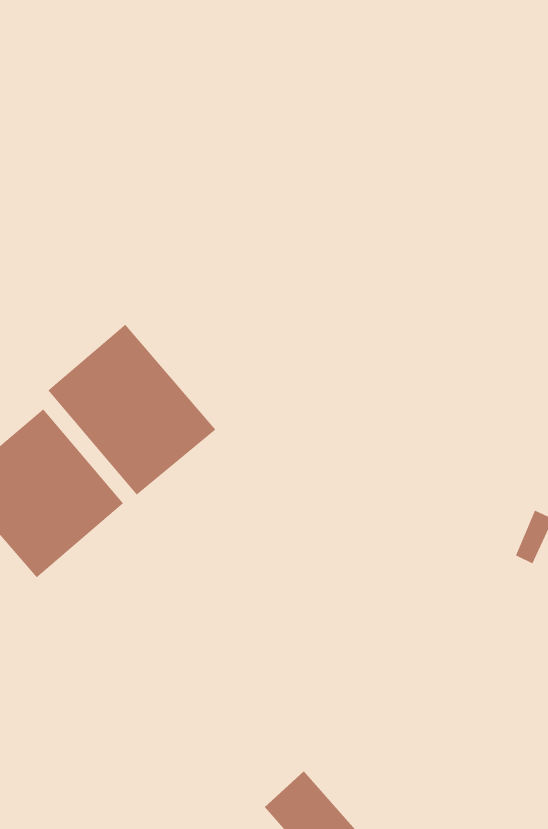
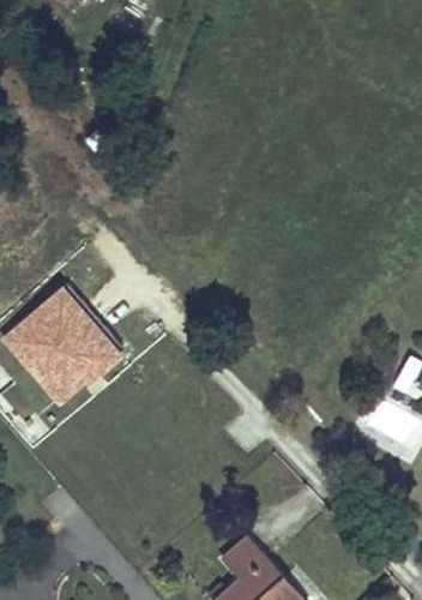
building: [48,324,216,496] -> none

